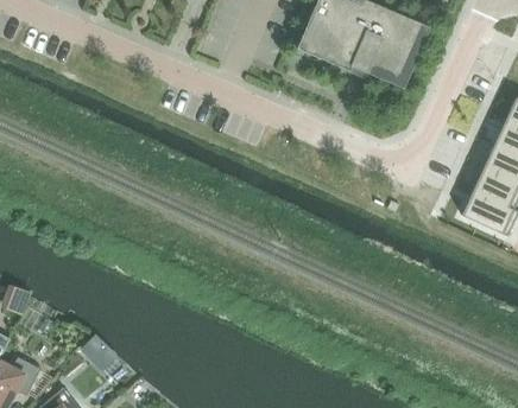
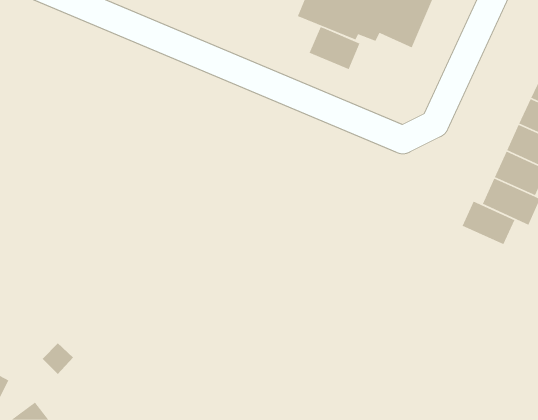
building: none -> [309,26,361,70]
building: none -> [462,201,516,245]

